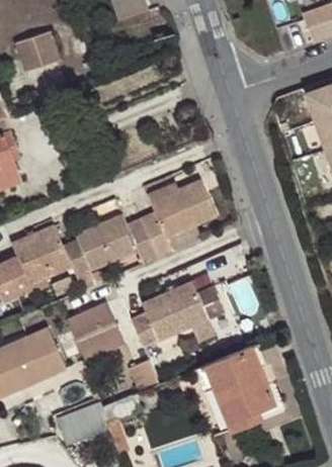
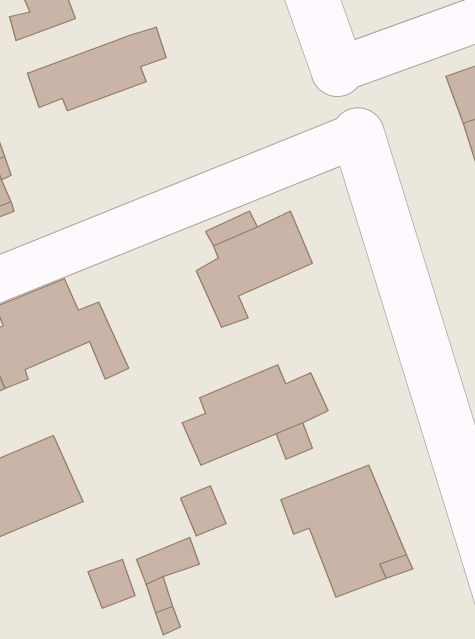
building: none -> [28,27,166,111]
building: [75,212,157,271] -> none
building: [67,300,126,359] -> none

